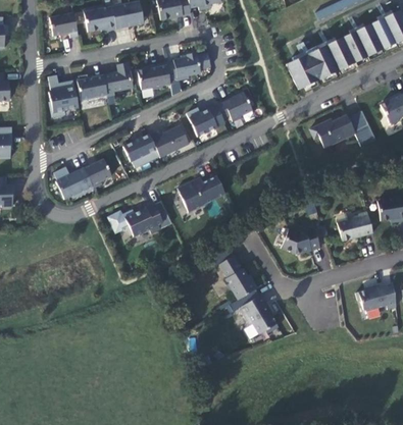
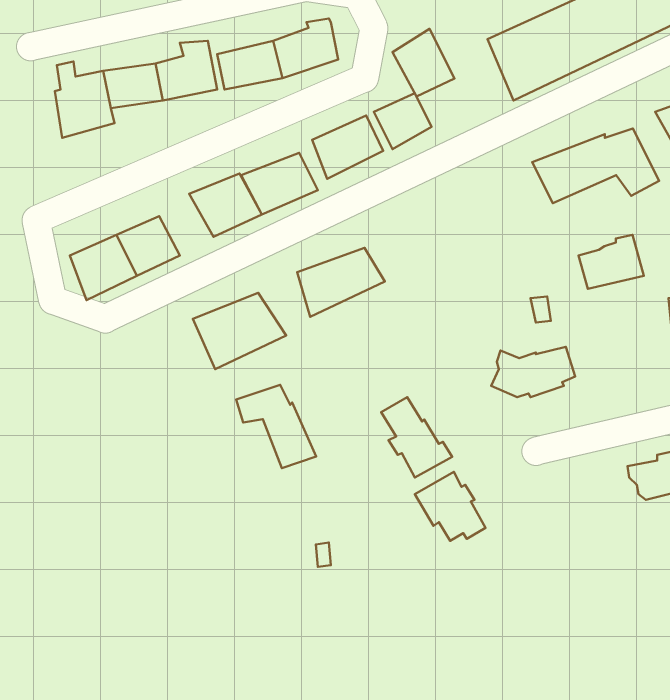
building: none -> [393,29,454,97]
building: [340,213,375,243] -> [578,235,644,289]
building: none -> [236,385,316,468]

